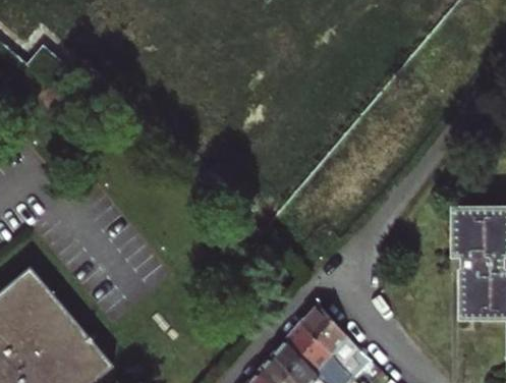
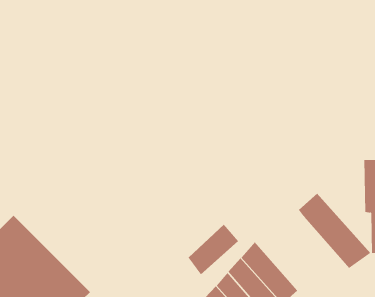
building: none -> [298,193,371,269]
building: none -> [188,224,239,275]

